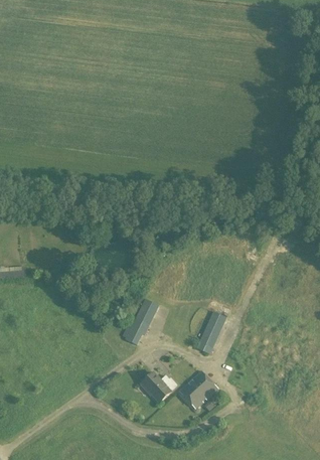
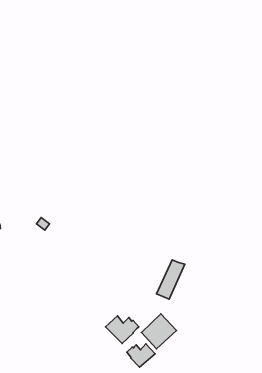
building: [123,298,159,344] -> none
building: none -> [127,344,155,367]

